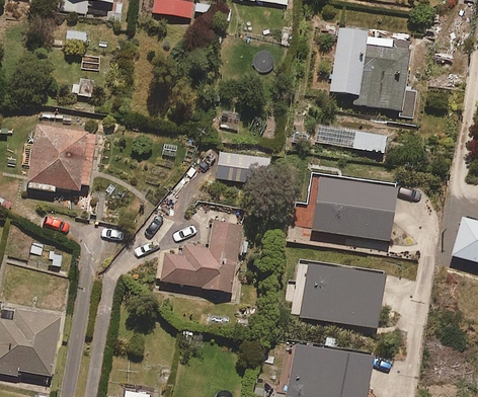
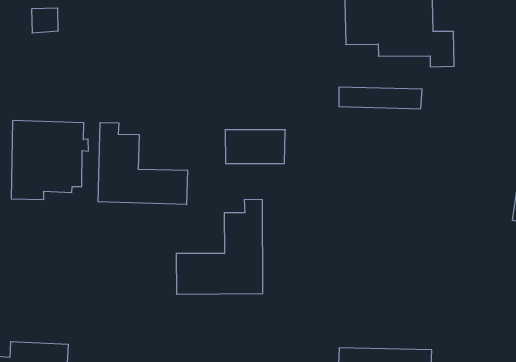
building: none -> [98,123,187,205]
building: [291,172,394,239] -> none
building: [297,264,382,327] -> none

